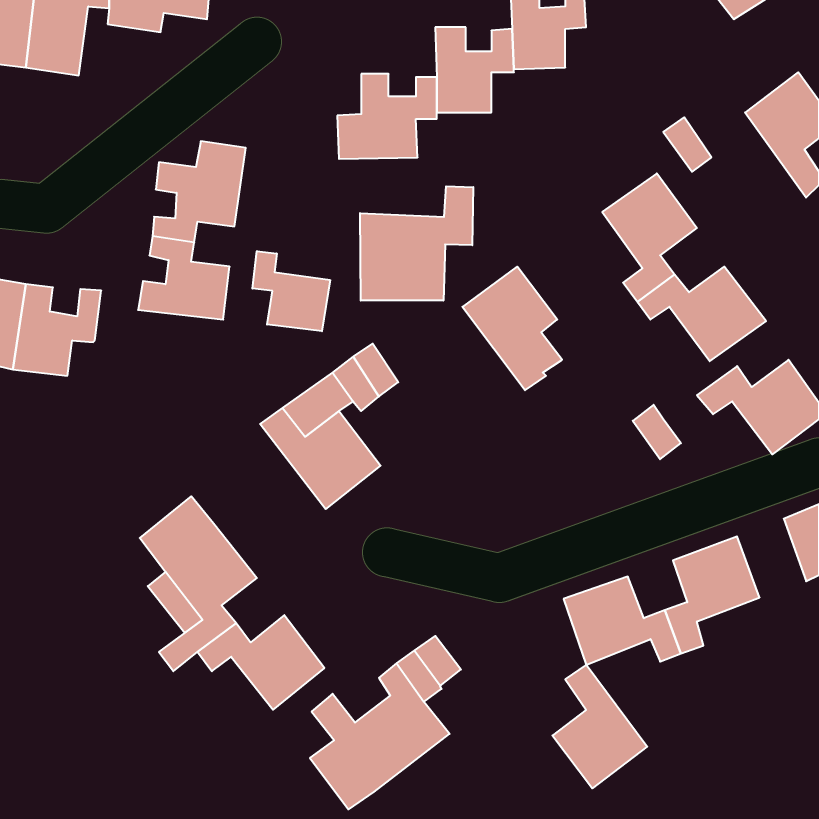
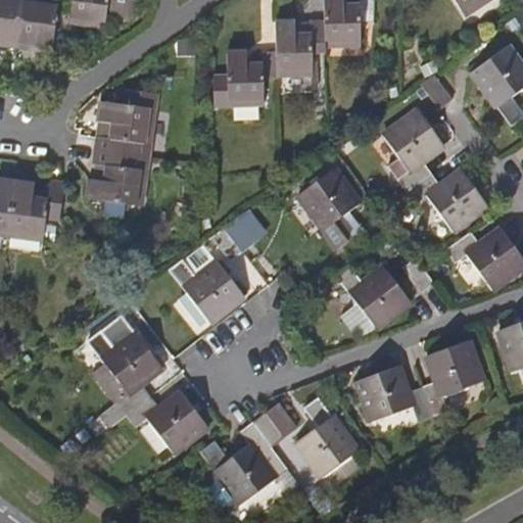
building: [360,186,473,301] -> none
building: [252,251,330,331] -> none
building: none -> [334,265,409,327]
building: [552,665,647,788] -> [295,399,355,478]

